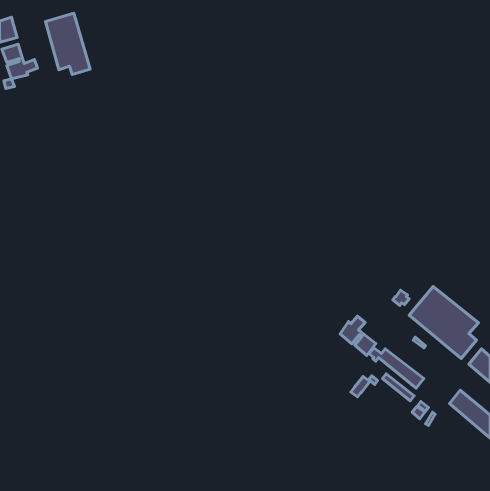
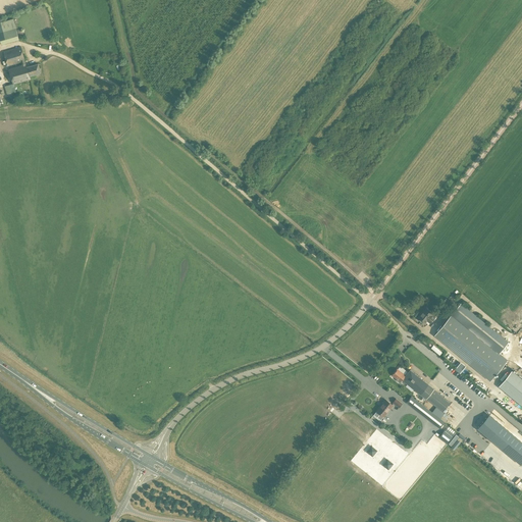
building: [45,13,90,75] -> none
building: [340,316,376,355] -> none

